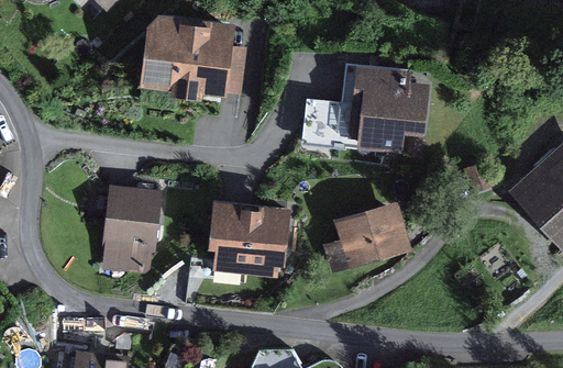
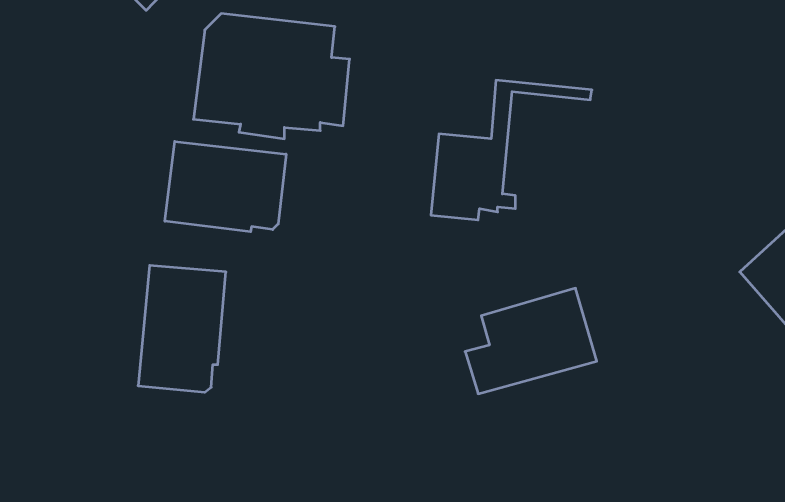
building: [347,68,429,154] -> none
building: none -> [165,141,286,232]
building: [207,199,290,277] -> none

